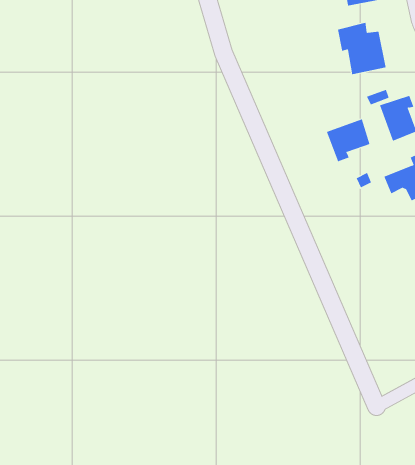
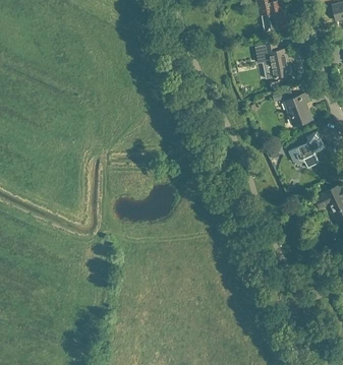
building: [326,118,370,162] -> none

